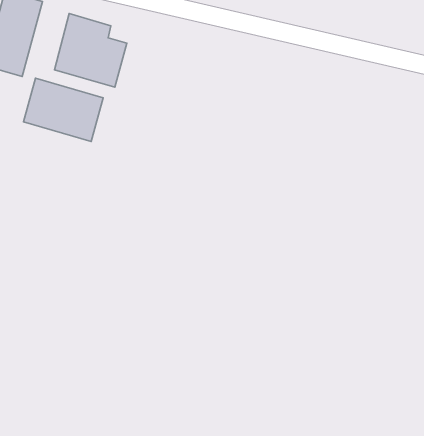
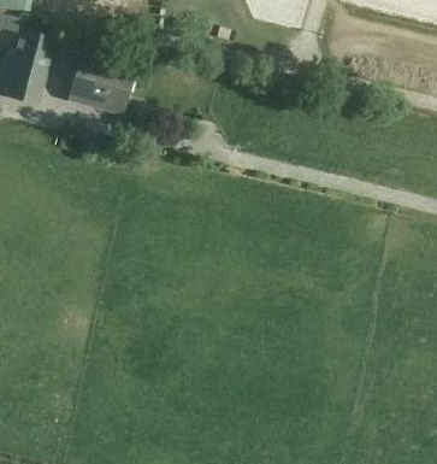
building: [23,78,103,141] -> none

